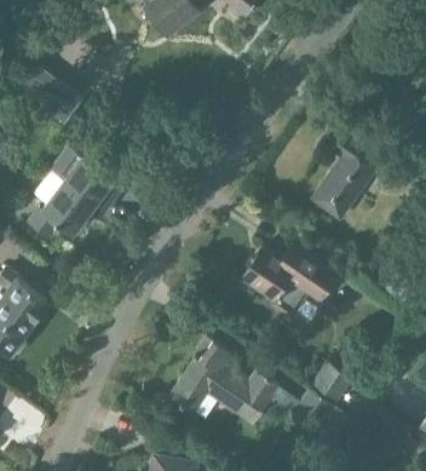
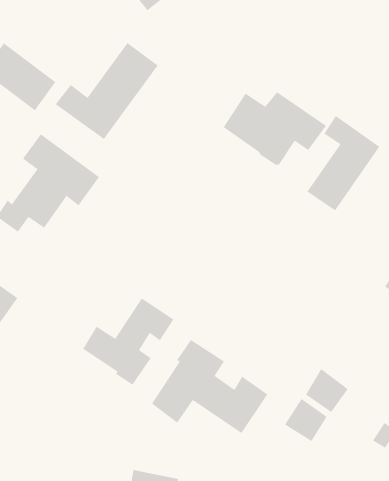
building: none -> [55,42,158,140]
building: [243,246,339,314] -> [223,91,327,165]
building: none -> [83,298,174,385]

